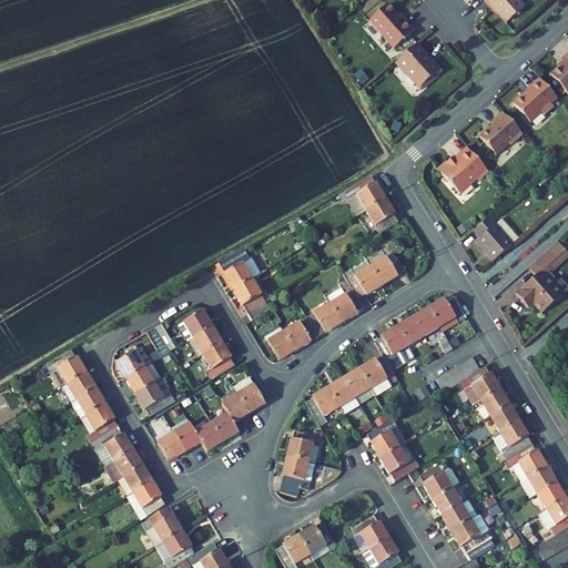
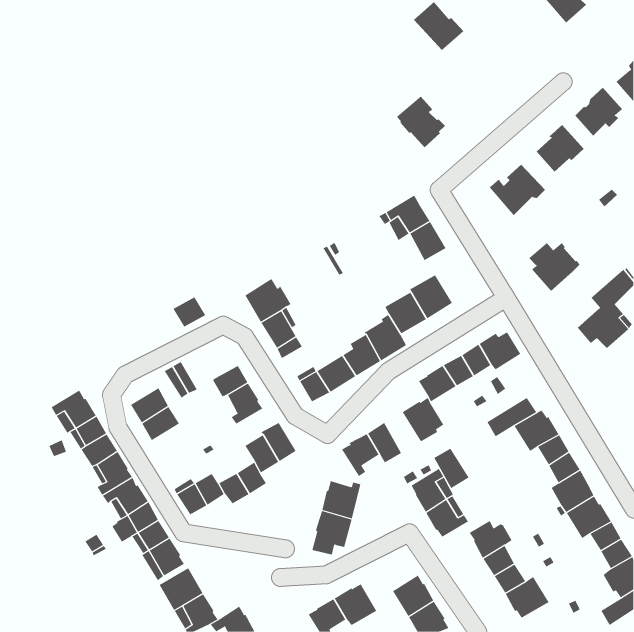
building: [395,41,439,88] -> [396,96,446,148]
building: [183,310,213,337] -> [173,297,206,328]
building: [344,368,376,405] -> [434,448,469,489]
building: [135,377,175,416] -> none

